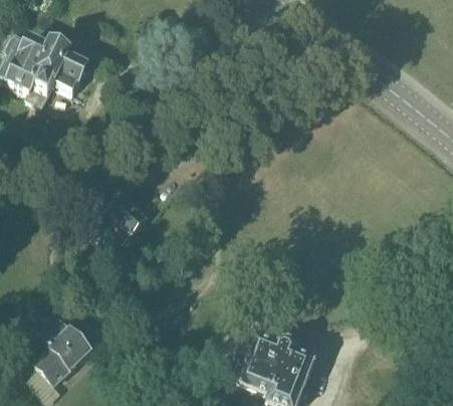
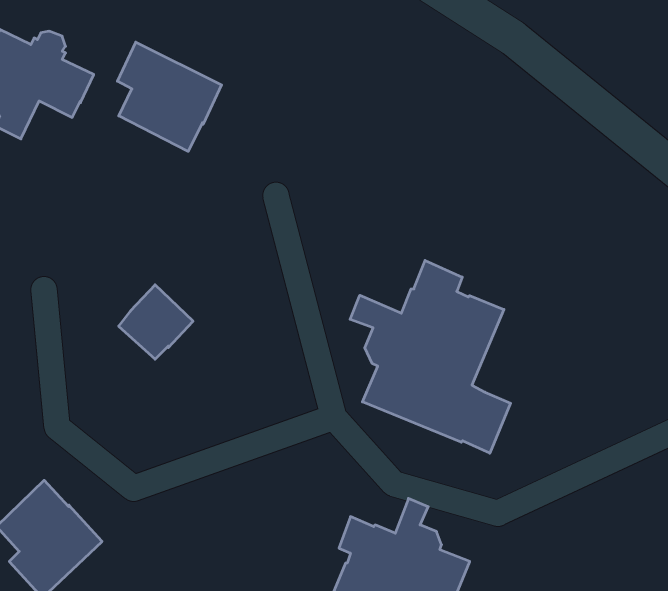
building: none -> [117,42,222,151]
building: none -> [350,260,511,453]

